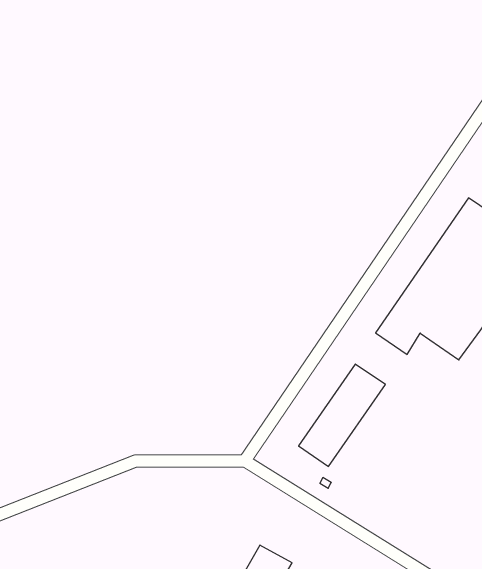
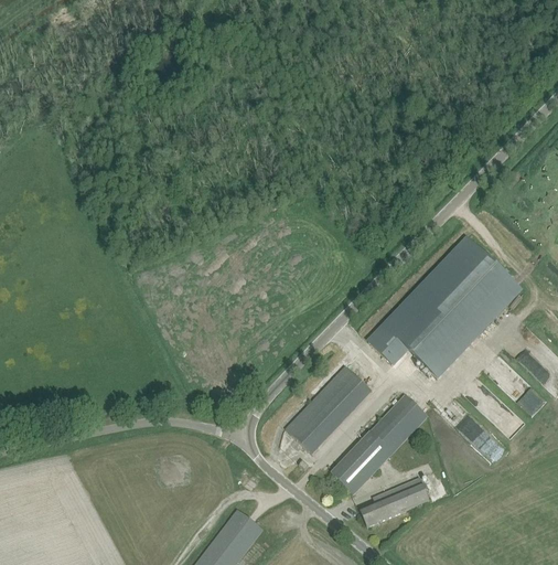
building: none -> [330,393,428,493]
building: none -> [360,477,430,526]

